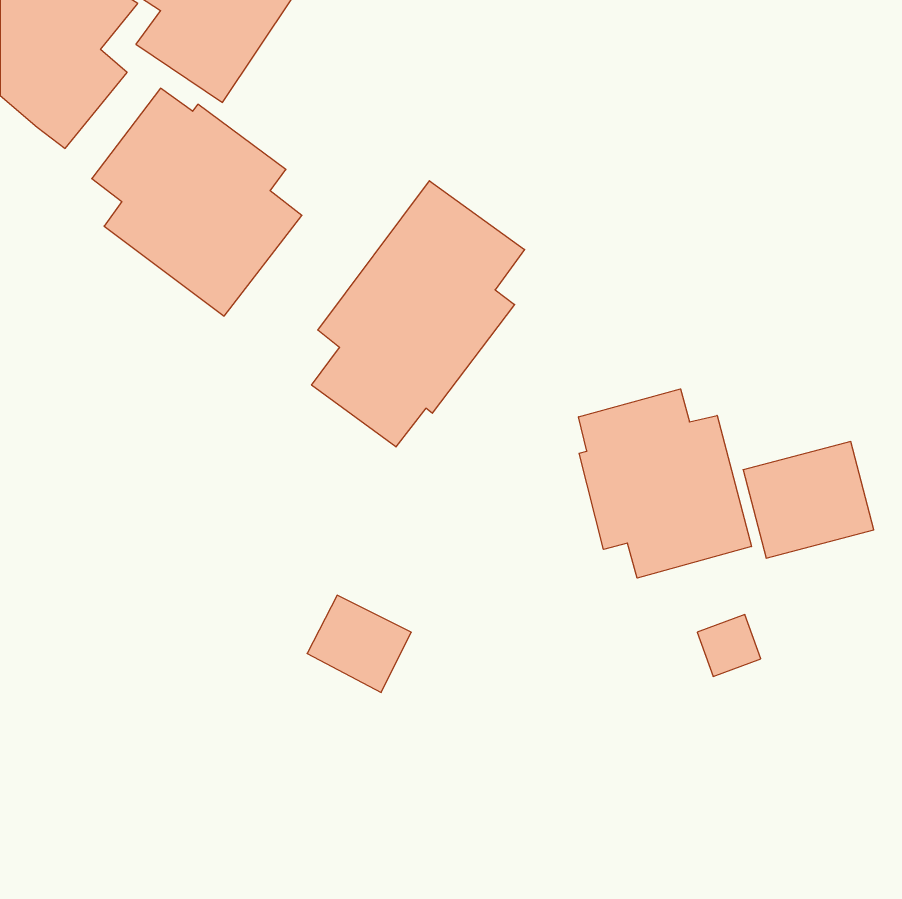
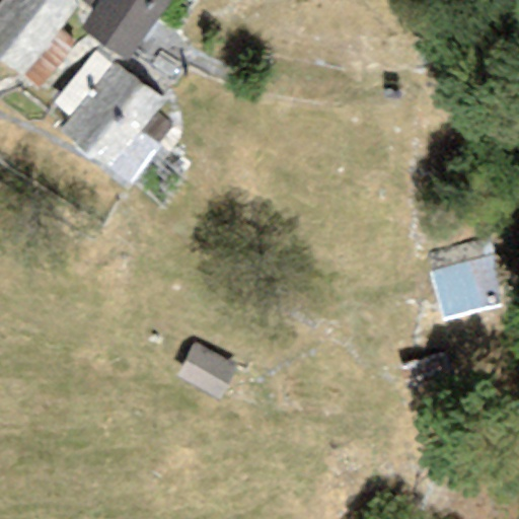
building: [312,181,525,447] -> none
building: [579,389,751,578] -> none

